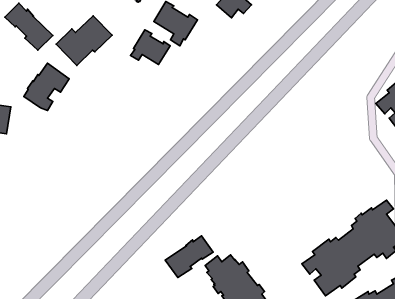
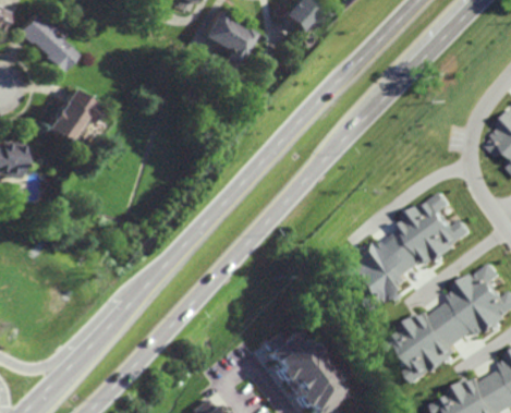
building: [56,16,112,66] -> none
building: [131,30,170,65] -> none
building: none -> [338,190,472,311]
building: [165,236,213,278] -> none

